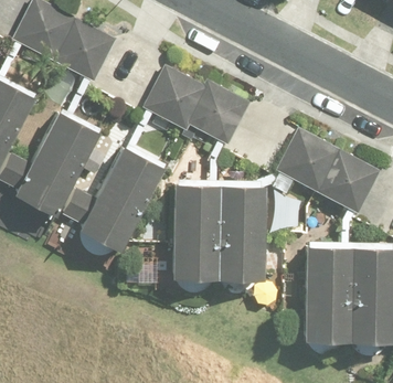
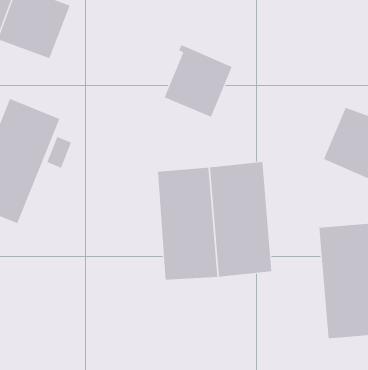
building: [144,65,209,130] -> none
building: [276,127,341,191] -> none
building: [63,148,163,252] -> none

